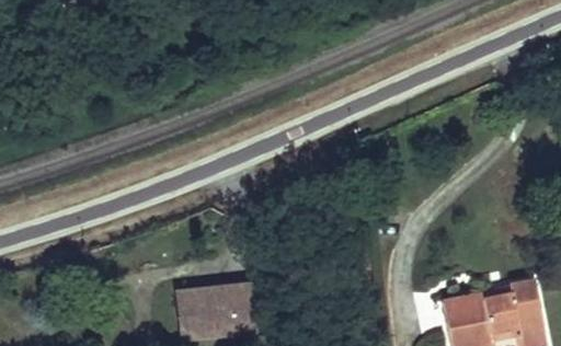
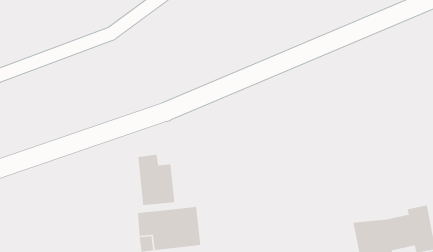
building: none -> [137,154,175,206]

